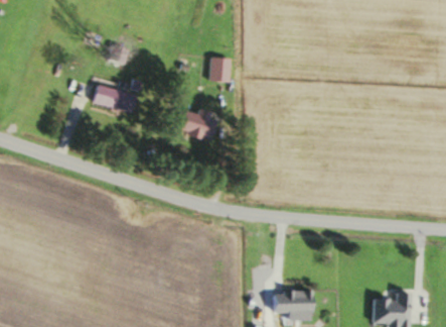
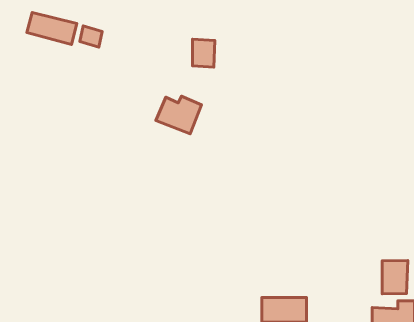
building: [91,84,136,113] -> [27,12,77,45]
building: none -> [382,261,408,294]

